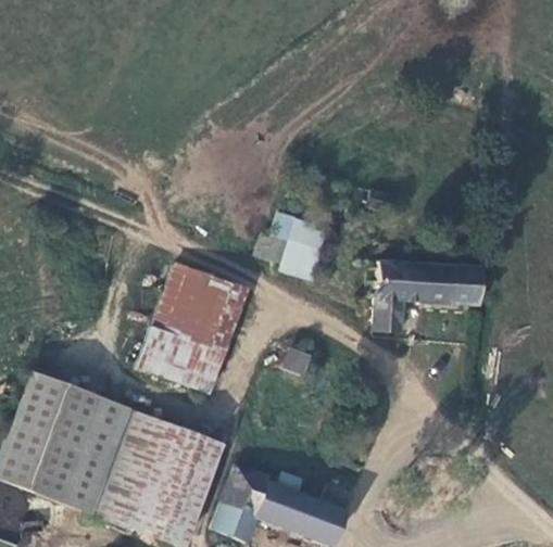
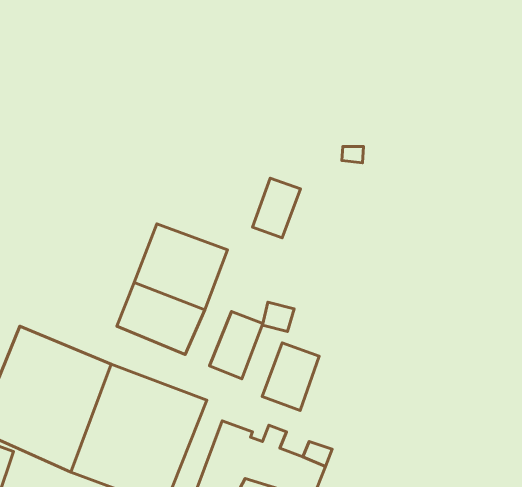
building: [374,257,480,330] -> none
building: none -> [210,311,263,379]
building: none -> [262,343,319,411]

